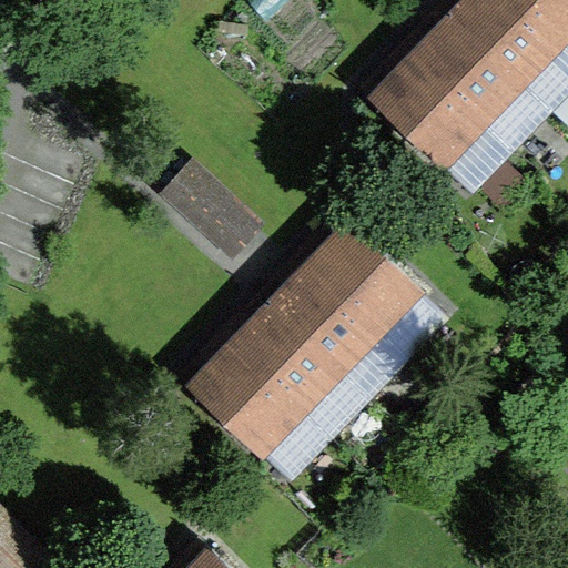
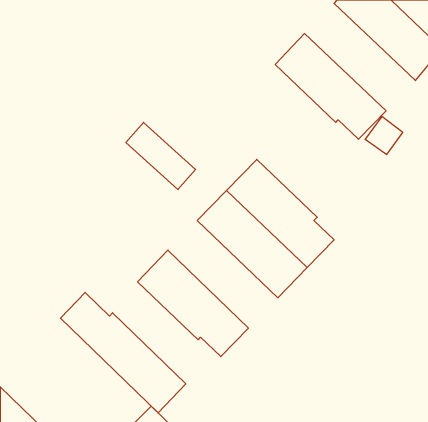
building: [404,13,550,155] -> none
building: [223,301,368,443] -> none
building: none -> [60,292,186,413]

